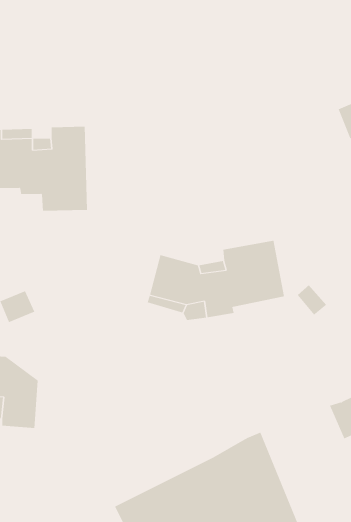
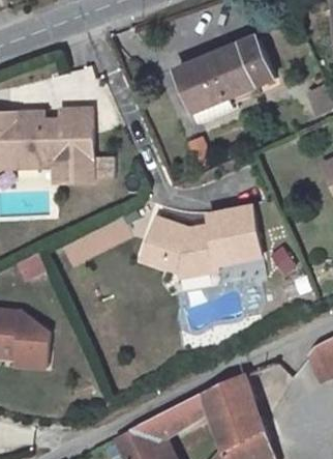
building: none -> [171,22,266,111]

